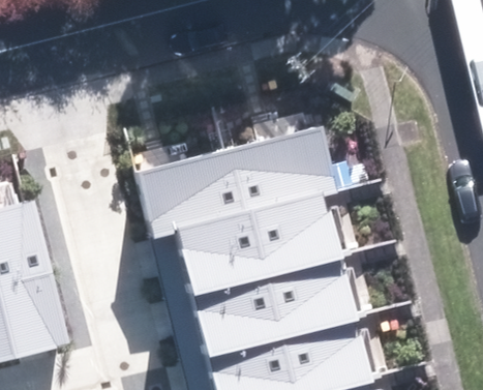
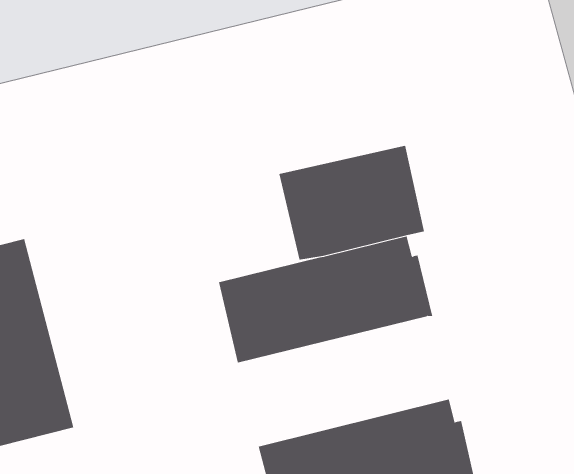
building: [137,150,240,236] -> none
building: [193,258,358,356] -> none

